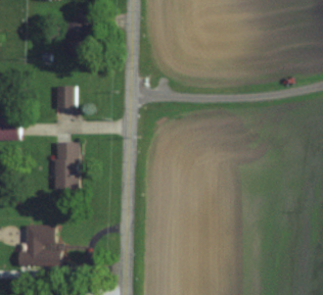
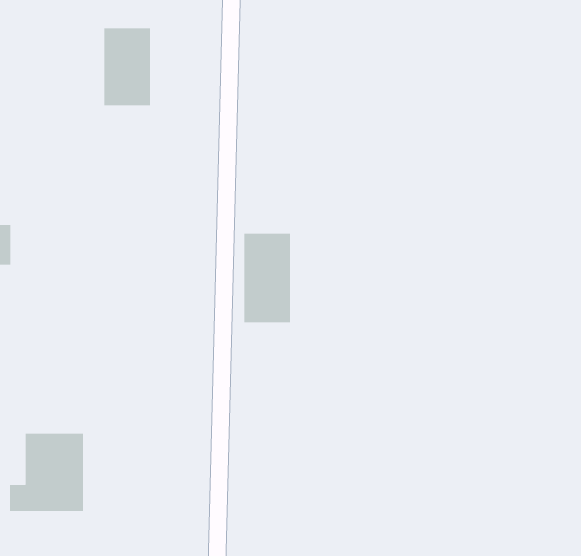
building: [56,86,75,107] -> none
building: [54,141,79,188] -> [244,233,291,323]

